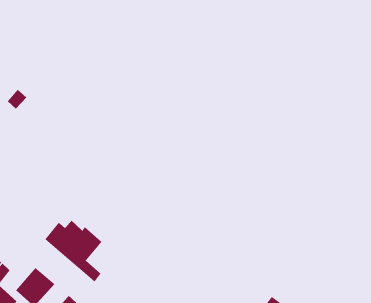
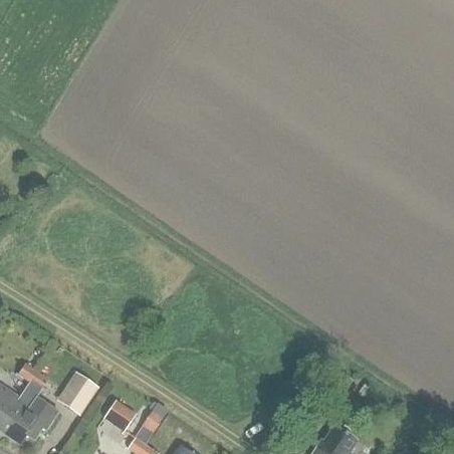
building: [45,220,102,283] -> none

